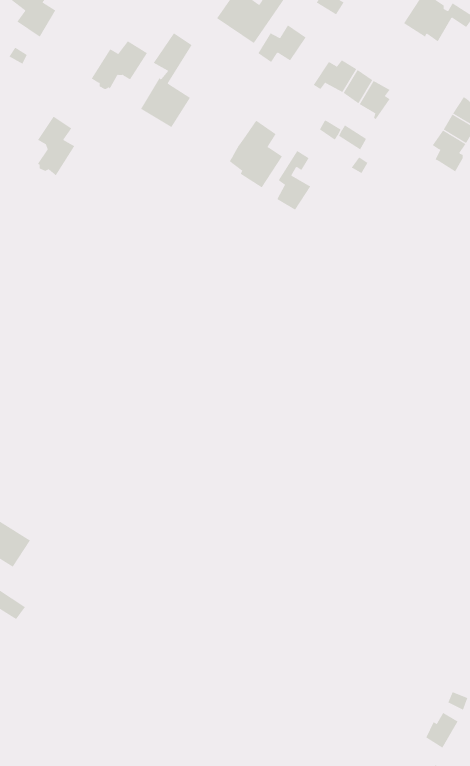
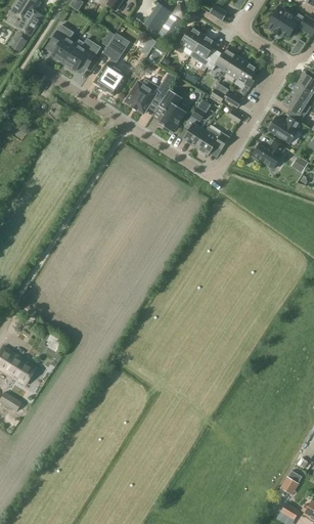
building: none -> [193,36,218,67]
building: none -> [126,74,178,114]
building: [37,116,75,176] -> [52,24,77,62]
building: none -> [268,116,300,143]
building: none -> [196,128,229,156]
building: none -> [252,140,286,169]

